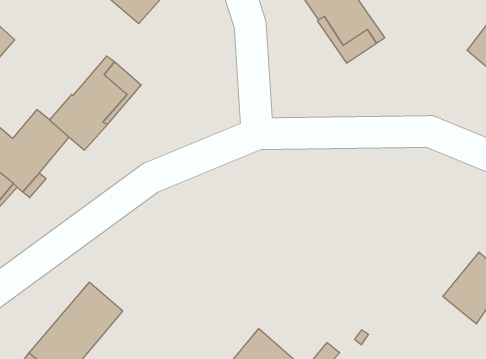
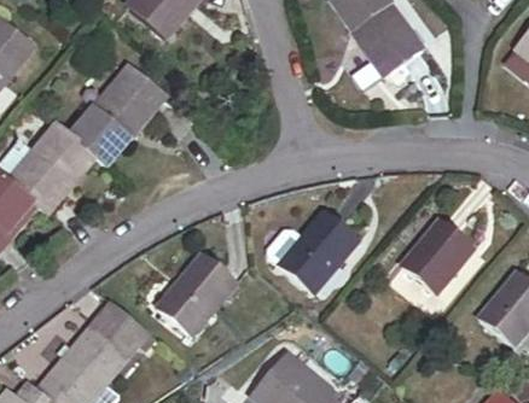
building: none -> [271,210,359,293]
building: none -> [402,220,473,293]
building: none -> [158,256,236,334]

